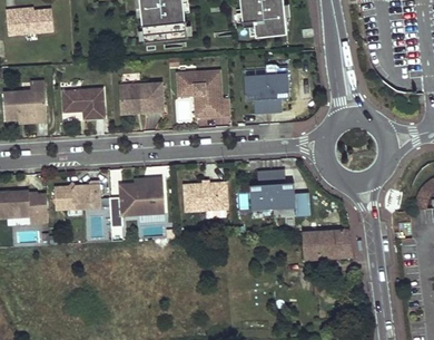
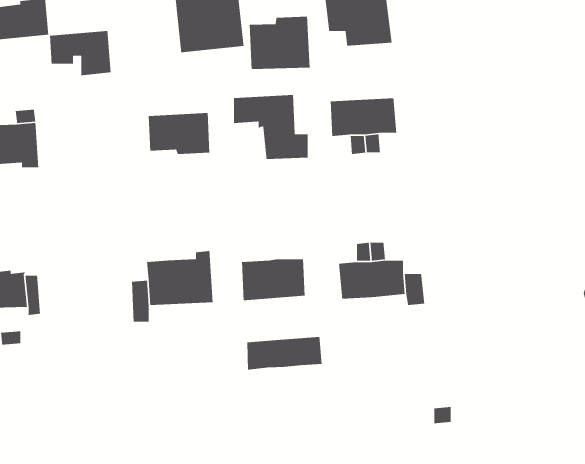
building: none -> [249,16,310,70]
building: [62,88,105,119] -> [49,30,112,76]
building: [53,181,101,210] -> none
building: [296,231,354,261] -> none
building: none -> [247,336,322,371]

